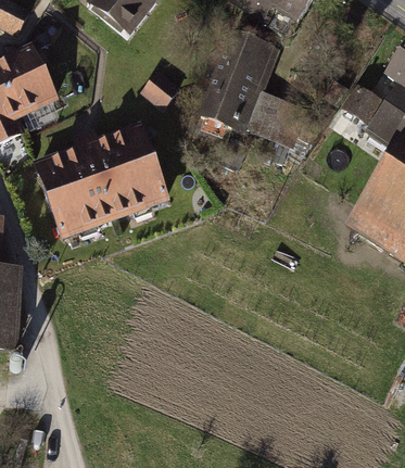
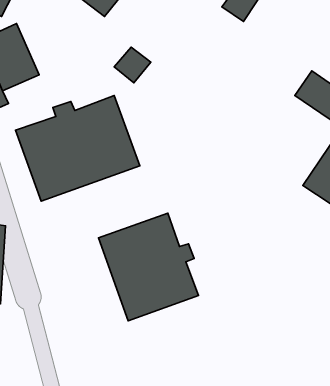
building: [199,33,306,148] -> none
building: none -> [98,213,199,321]

